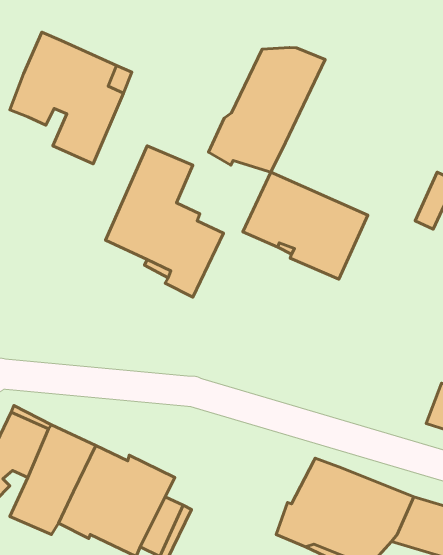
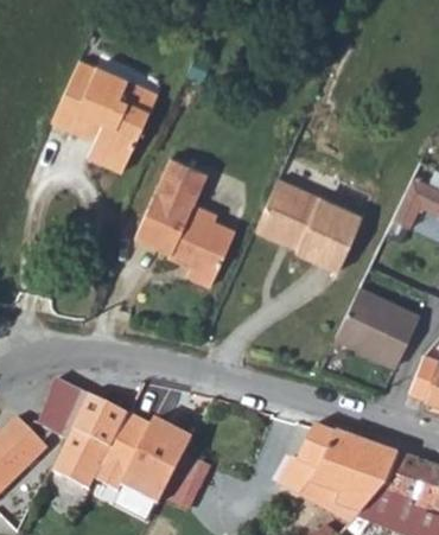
building: [208,48,325,172] -> none
building: none -> [335,291,419,369]

